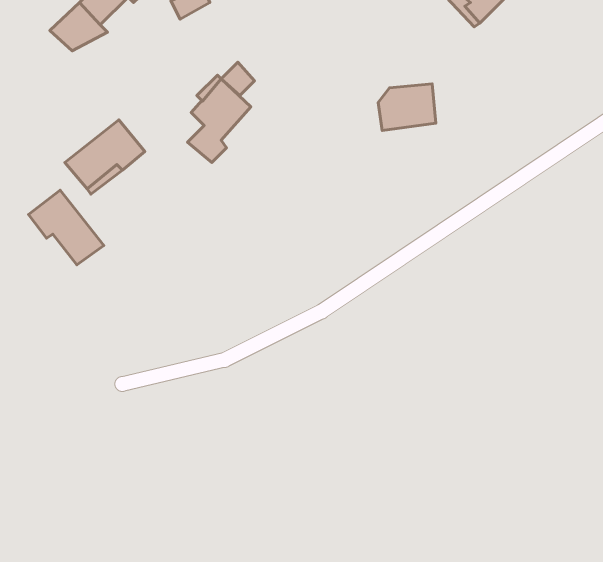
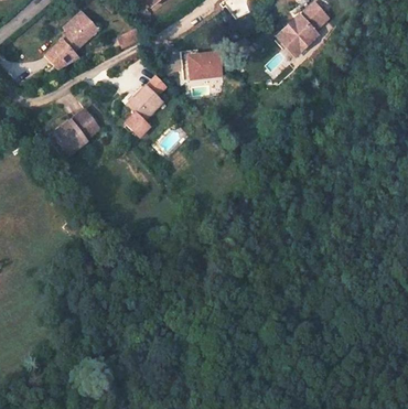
building: [378,84,436,131] -> [187,52,222,79]
building: [29,190,104,265] -> none

